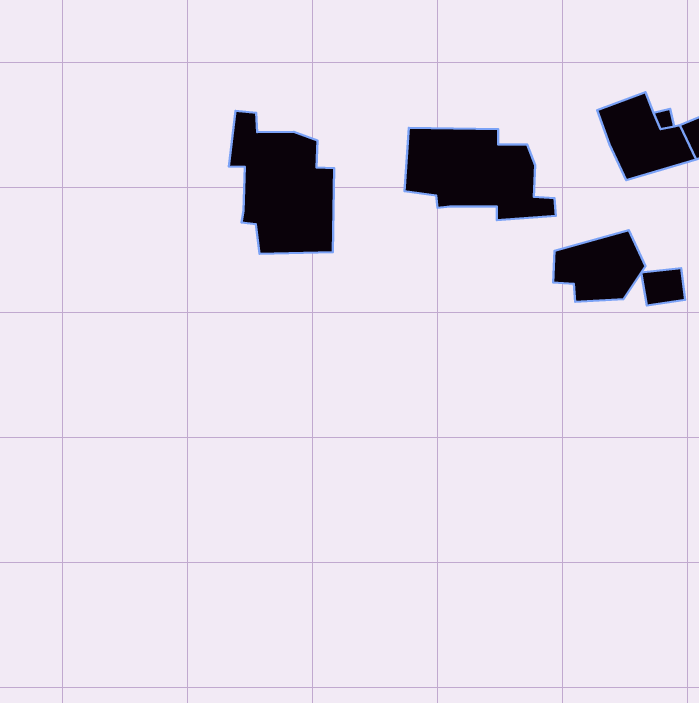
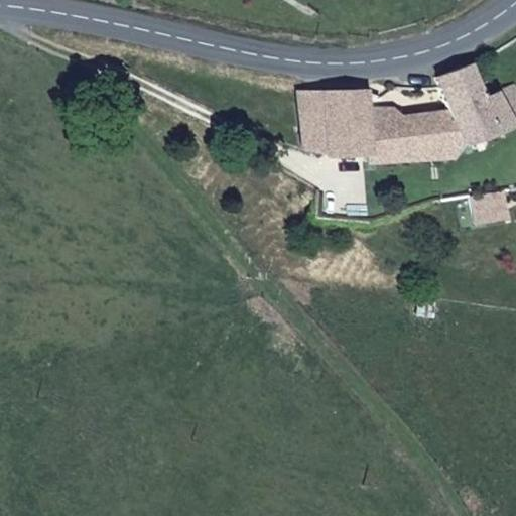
building: [229,111,334,254] -> none
building: [553,230,645,302] -> [394,106,462,158]

